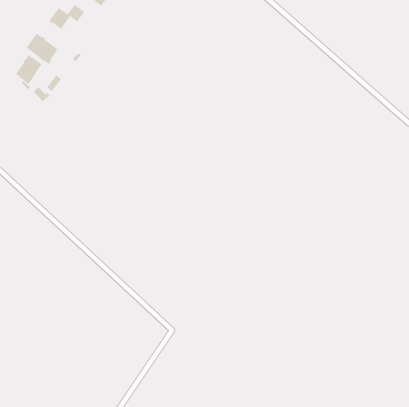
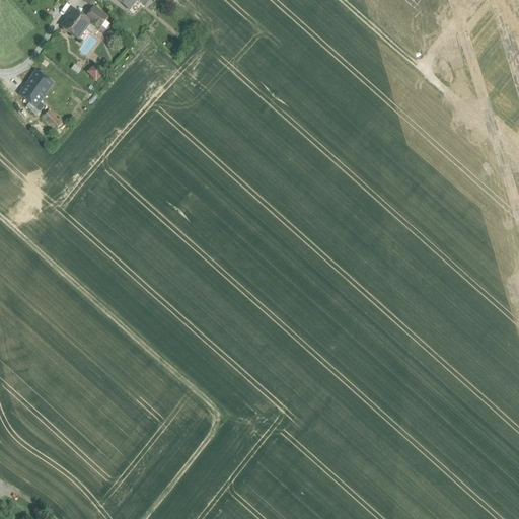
building: [26,33,58,65] -> none

